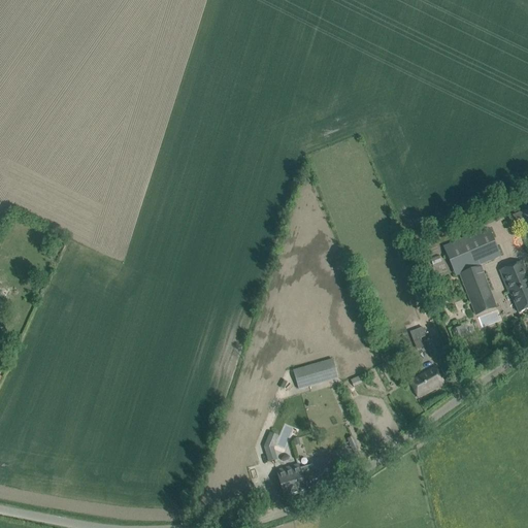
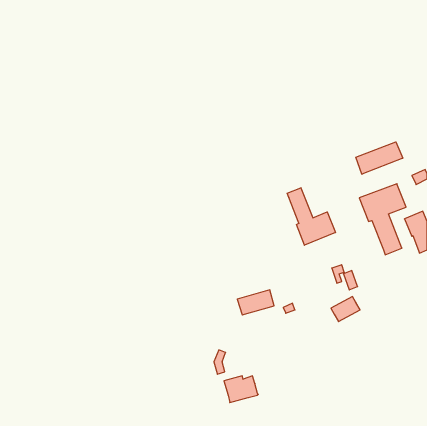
building: none -> [356,142,403,174]
building: none -> [287,188,335,245]

